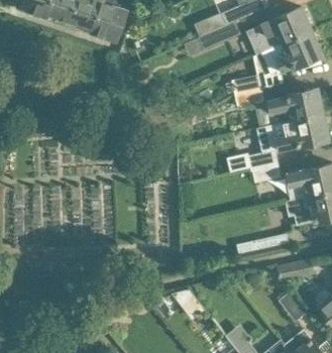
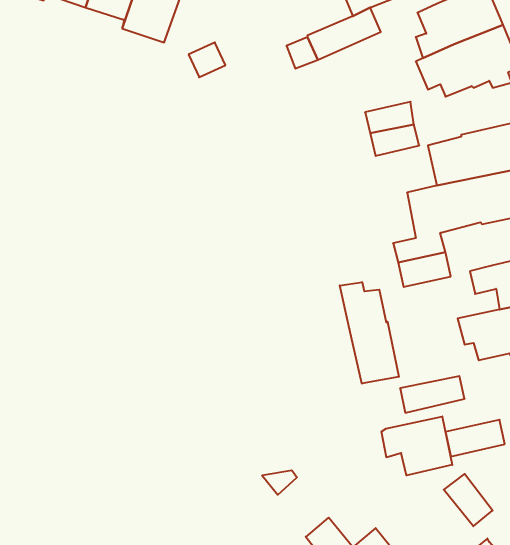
building: none -> [340,282,399,384]
building: none -> [382,416,452,475]

